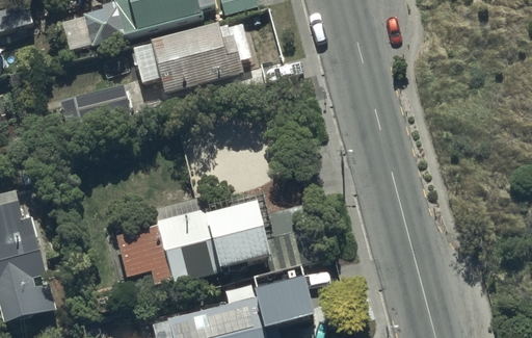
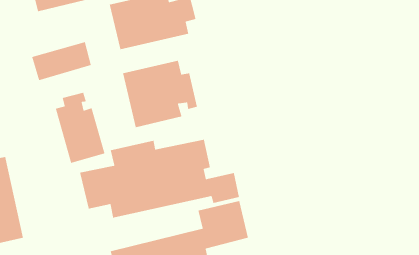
building: none -> [122,60,198,128]
building: none -> [55,92,105,164]

